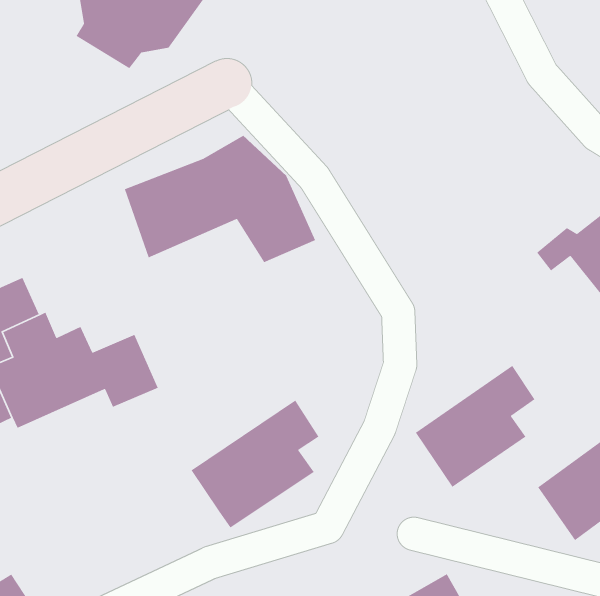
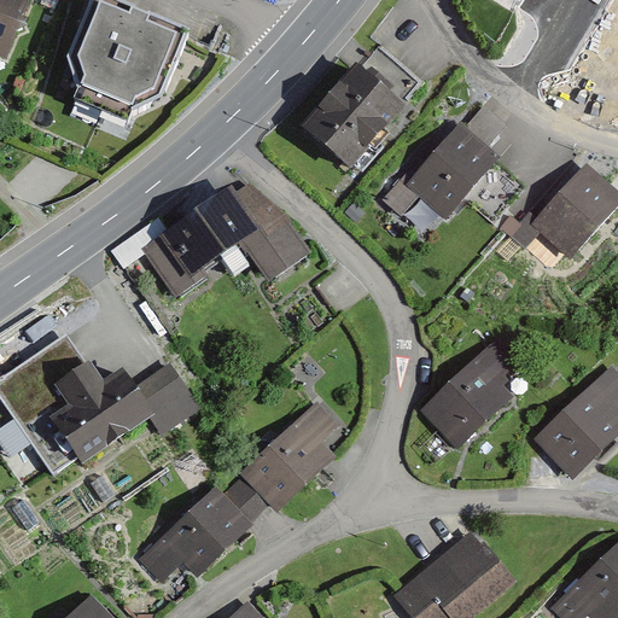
building: none -> [298,49,412,174]
building: none -> [374,103,500,232]
building: none -> [138,476,267,582]

